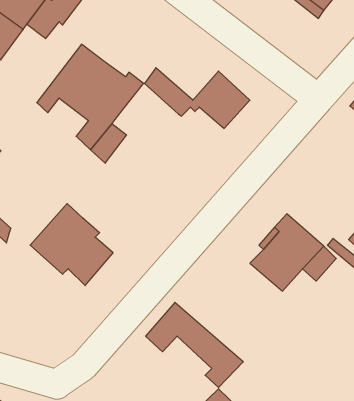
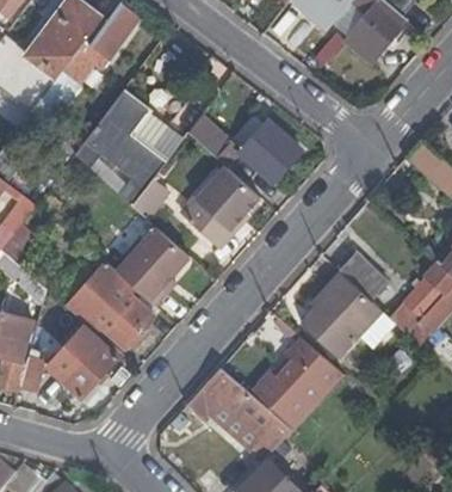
building: none -> [179,166,258,246]
building: none -> [116,226,188,306]
building: none -> [336,252,386,300]
building: none -> [48,326,117,396]
building: none -> [252,340,342,426]

